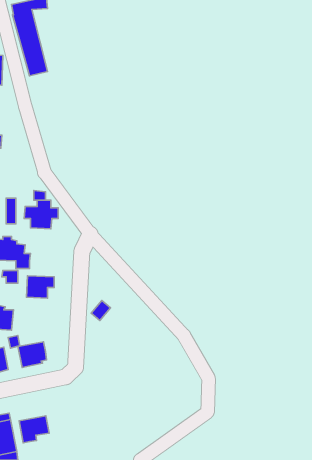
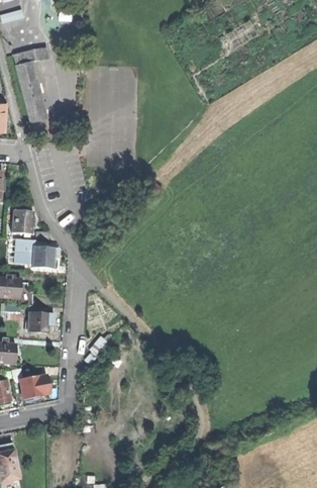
building: none -> [11,209,32,232]
building: [19,416,49,443] -> none

